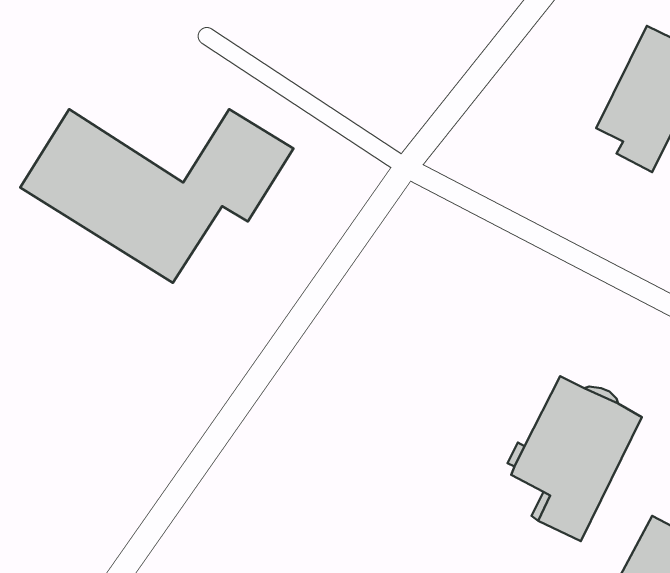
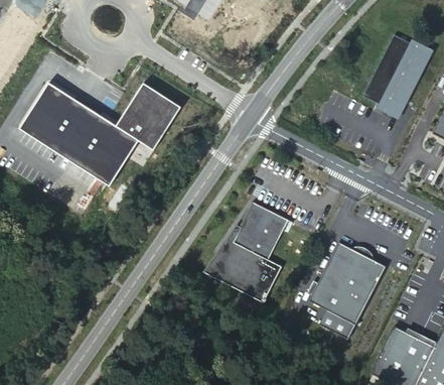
building: none -> [201,202,285,299]

